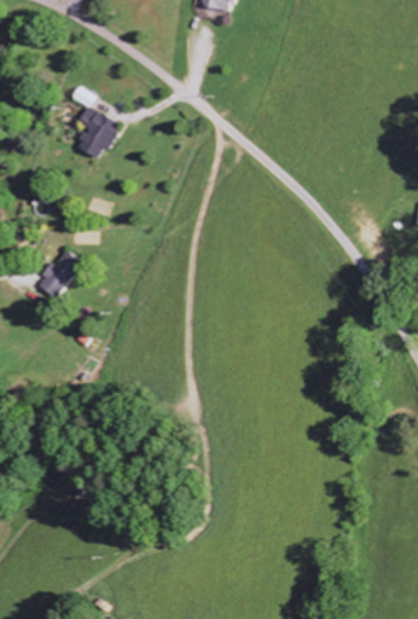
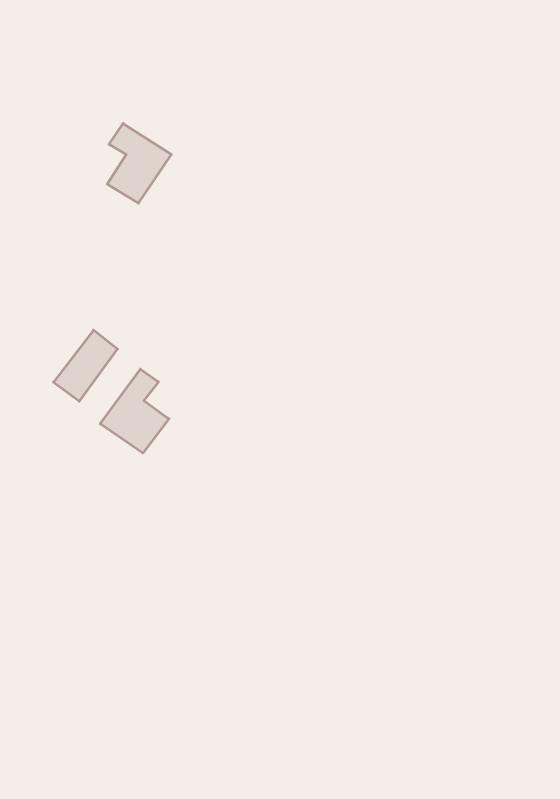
building: none -> [100,369,169,453]

